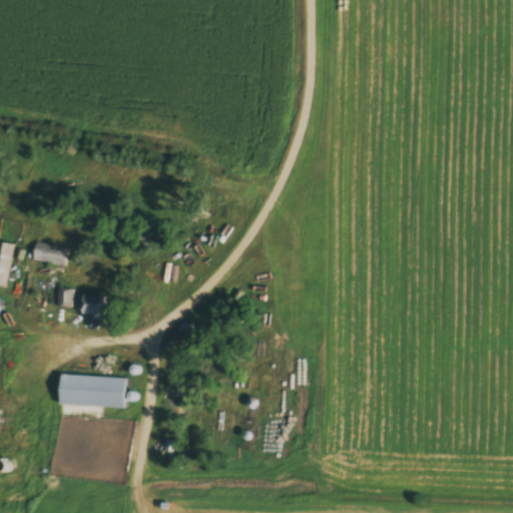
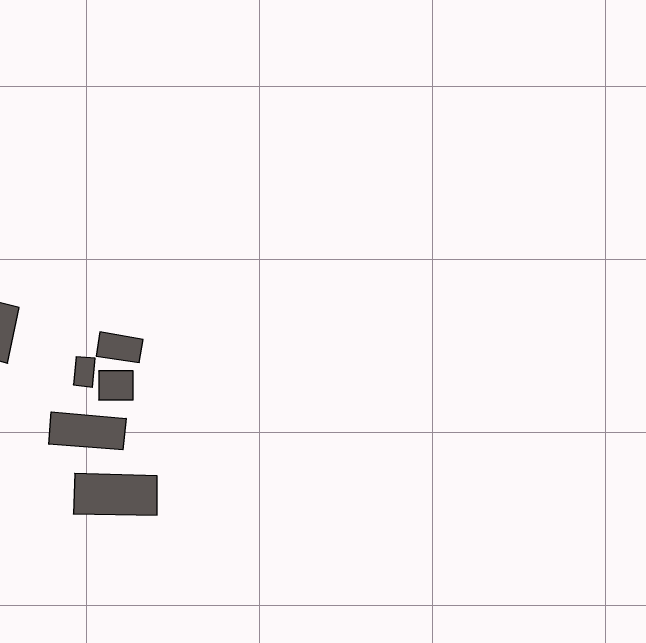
building: [32,240,69,265] -> [96,332,143,362]
building: none -> [49,412,126,450]

